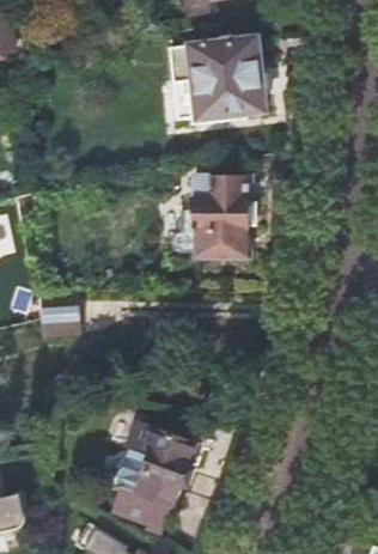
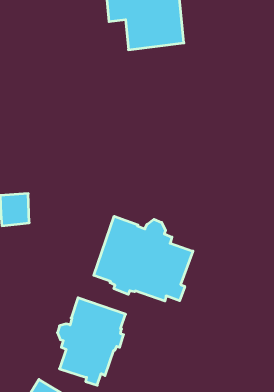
building: [193,176,254,256] -> none
building: none -> [94,216,193,301]

